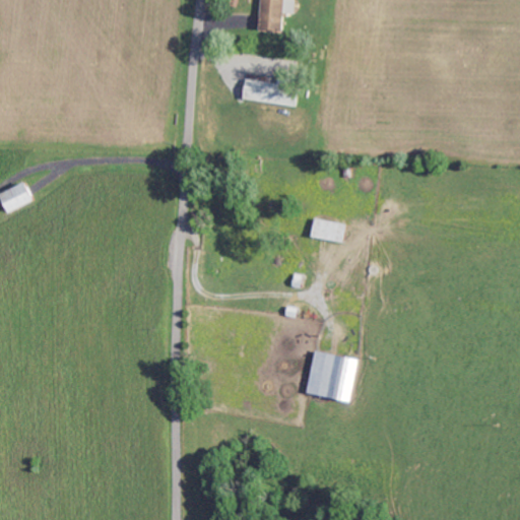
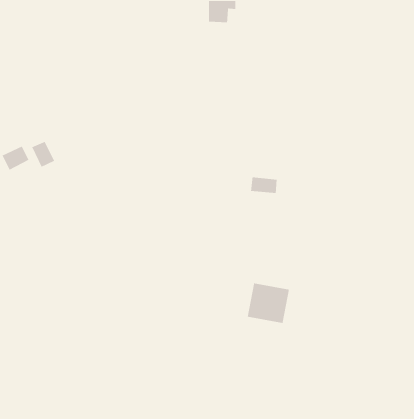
building: [241,75,297,108] -> none
building: none -> [31,141,55,168]

